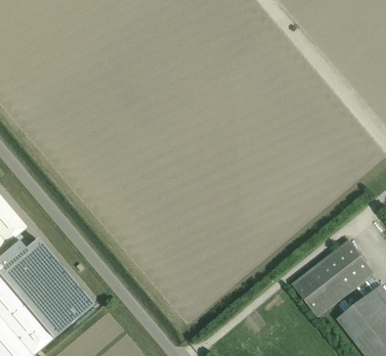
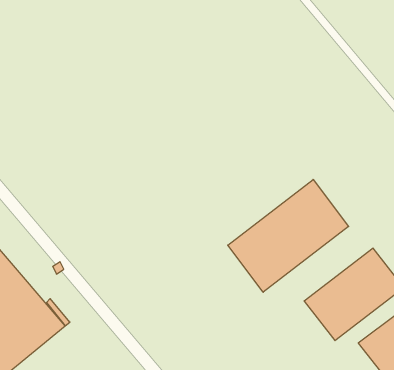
building: none -> [228,179,349,292]

